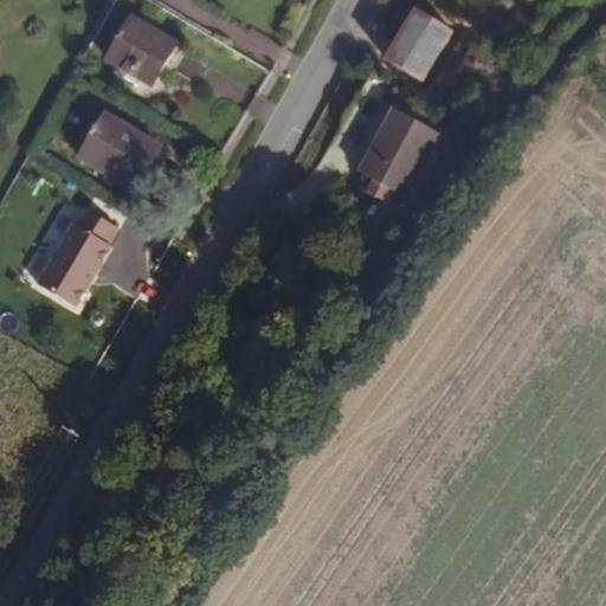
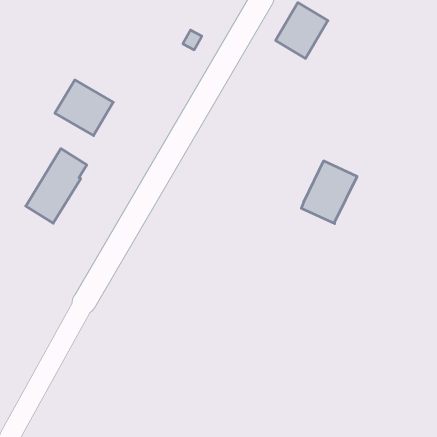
building: [103,12,173,80] -> none
building: [357,107,434,193] -> [301,161,357,224]

